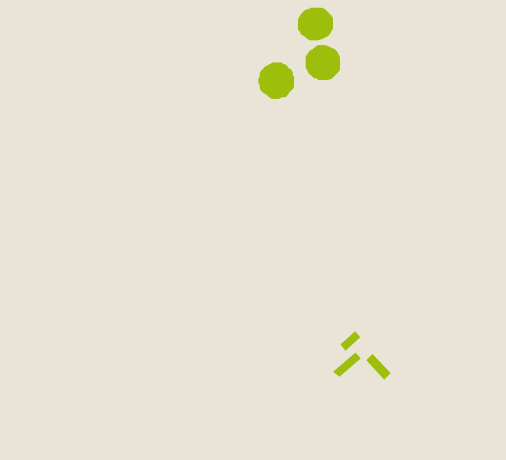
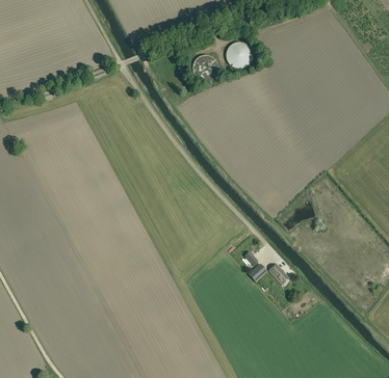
building: [297,7,333,41] -> none

